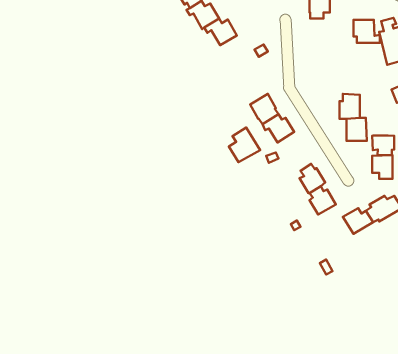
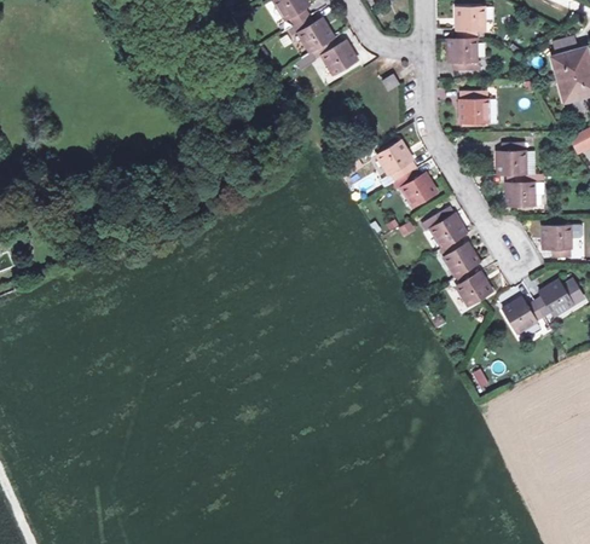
building: [353,20,380,43] -> [449,39,485,70]
building: none -> [462,91,488,122]
building: [229,127,260,162] -> none
building: [372,135,394,155] -> none
building: none -> [421,207,467,249]

